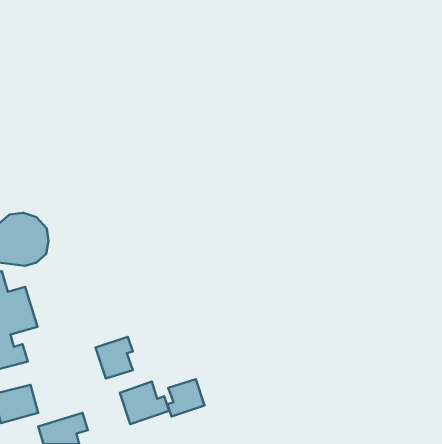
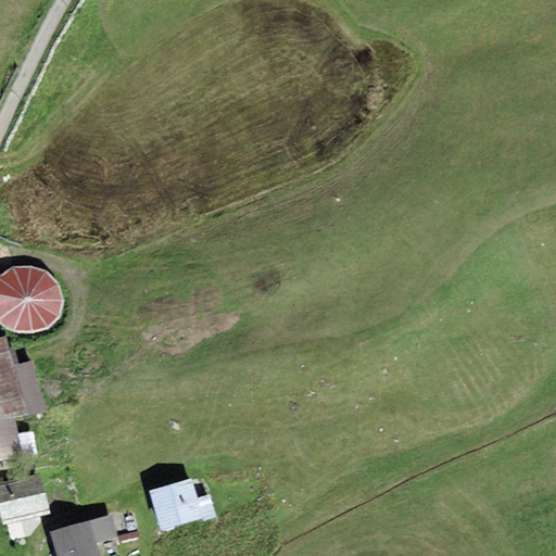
building: [95,337,133,379] -> none
building: [167,379,204,417] -> none

